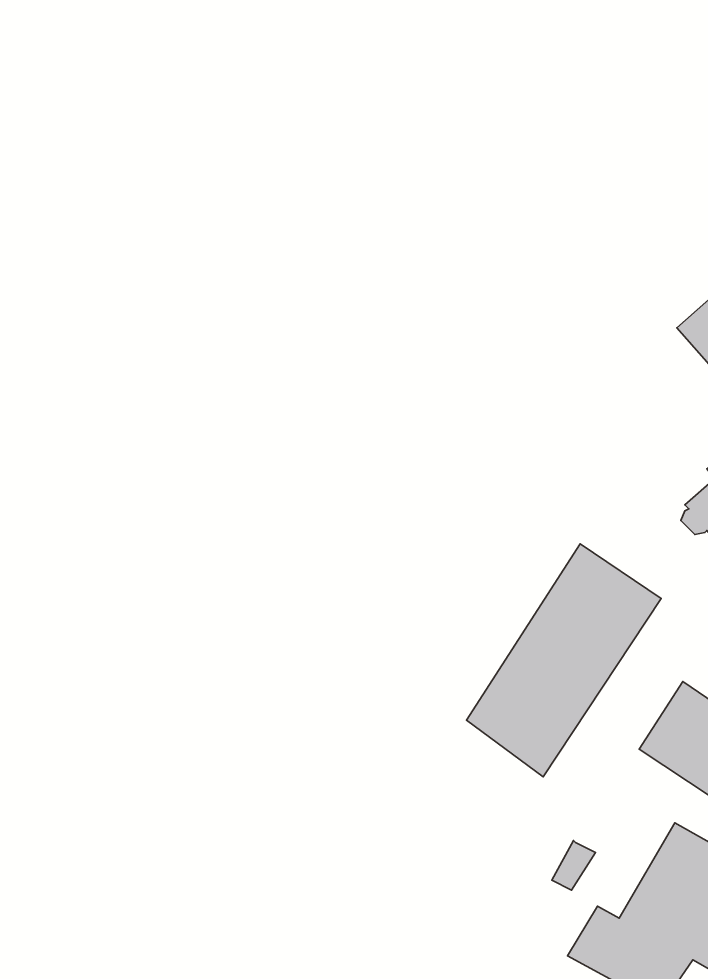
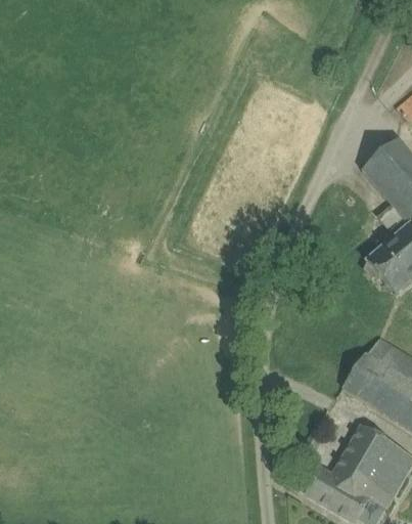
building: [467,544,661,777] -> none

